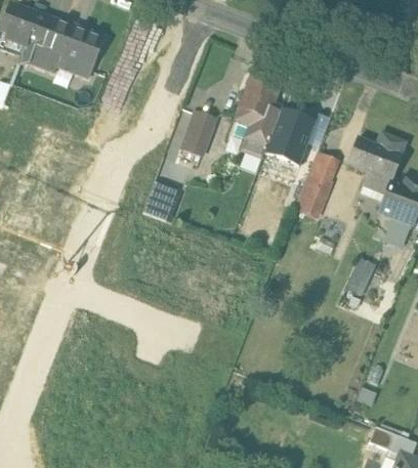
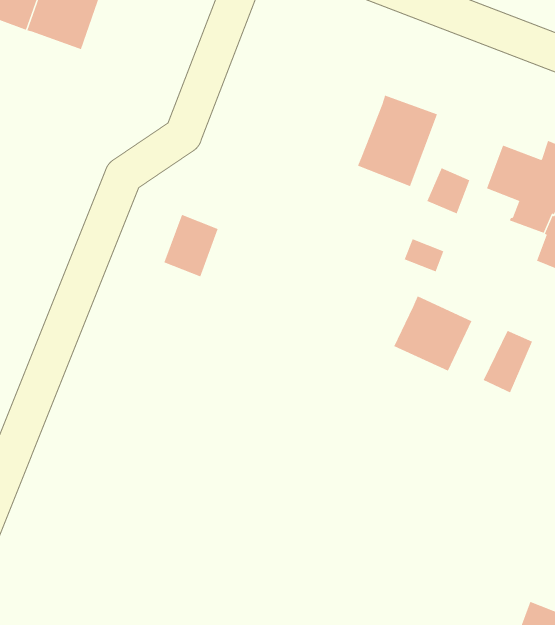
building: [235,73,281,157] -> none
building: [175,112,215,169] -> none
building: [300,173,331,205] -> none
building: none -> [393,296,472,372]

